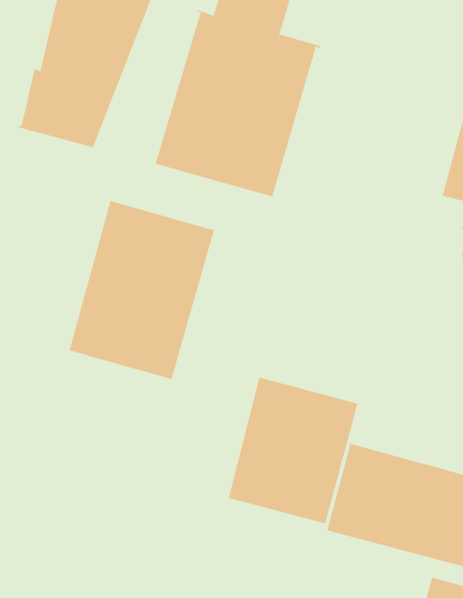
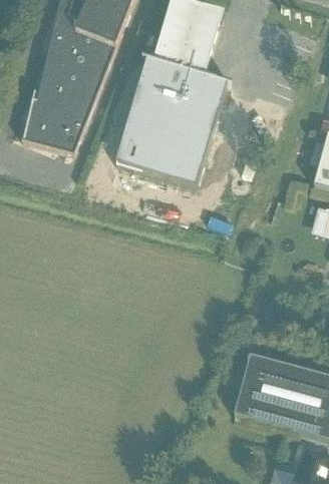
building: [69,200,215,380] -> none
building: [228,377,358,524] -> none

